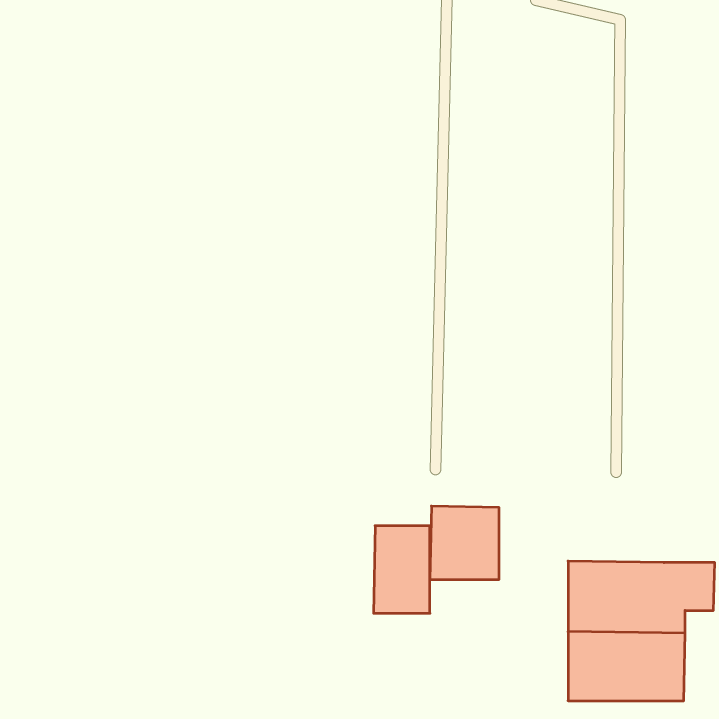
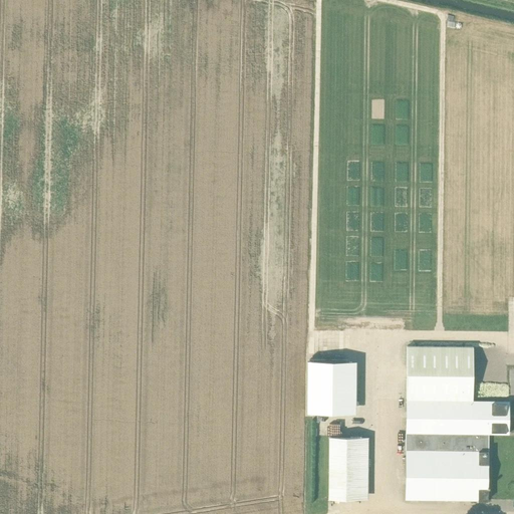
building: none -> [406,347,474,402]
building: [374,526,430,613] -> [328,440,368,502]

